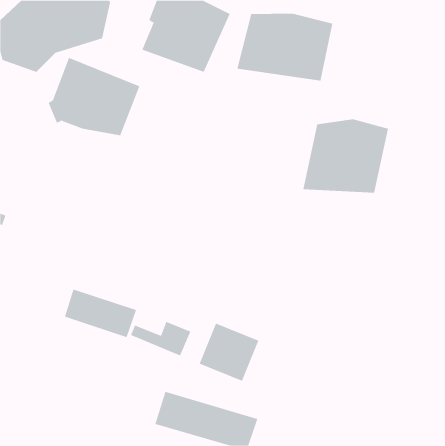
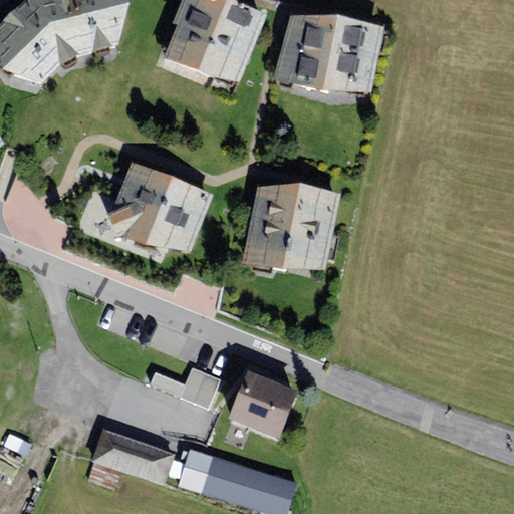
building: [48,57,140,136] -> [106,162,213,252]
building: [303,119,389,193] -> [241,183,340,268]
building: [64,289,137,338] -> [91,430,175,486]

